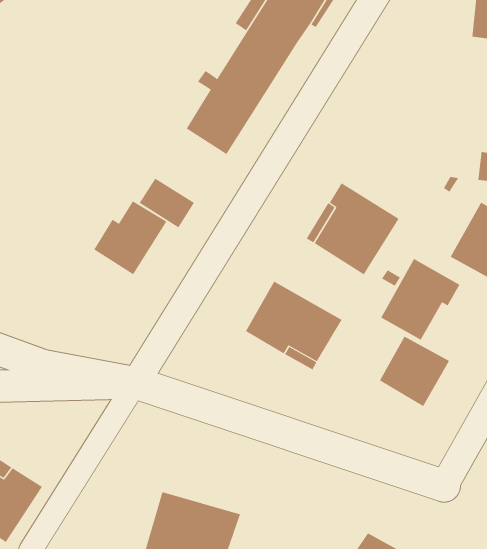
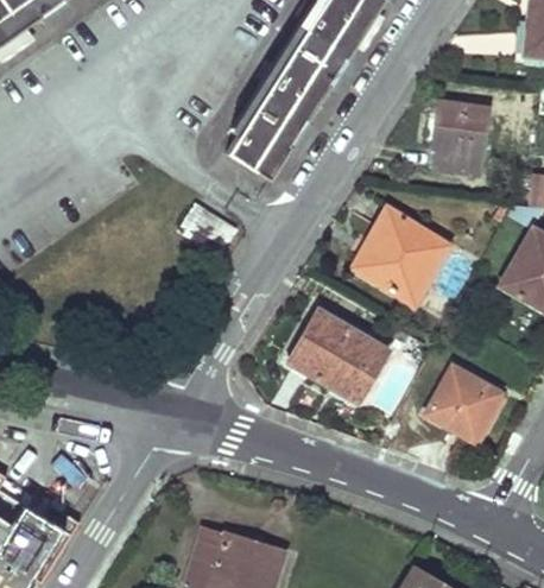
building: none -> [434,101,487,172]
building: [94,201,167,275] -> none
building: [380,258,460,340] -> none

